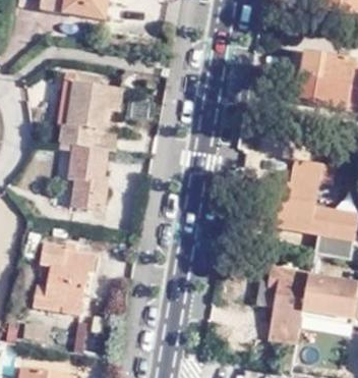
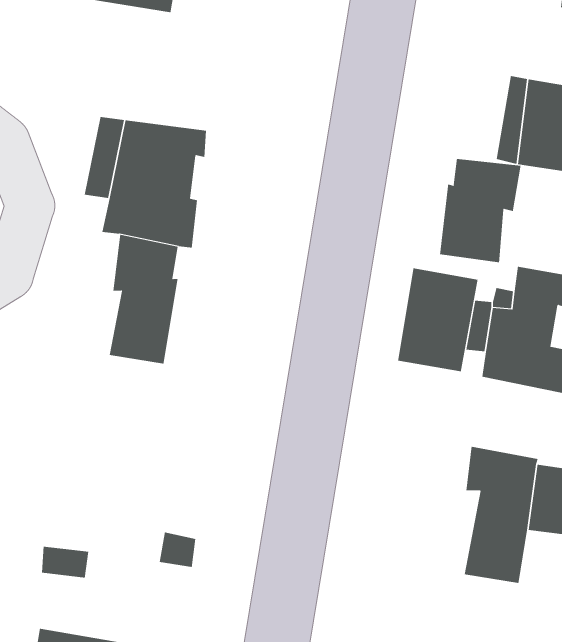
building: none -> [440,158,521,263]
building: none -> [398,268,478,372]
building: [35,247,96,315] -> none

